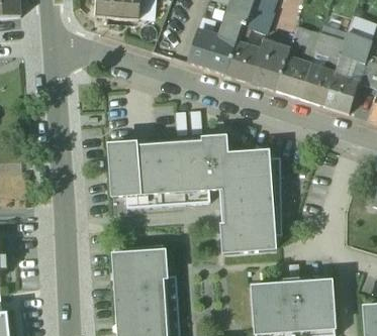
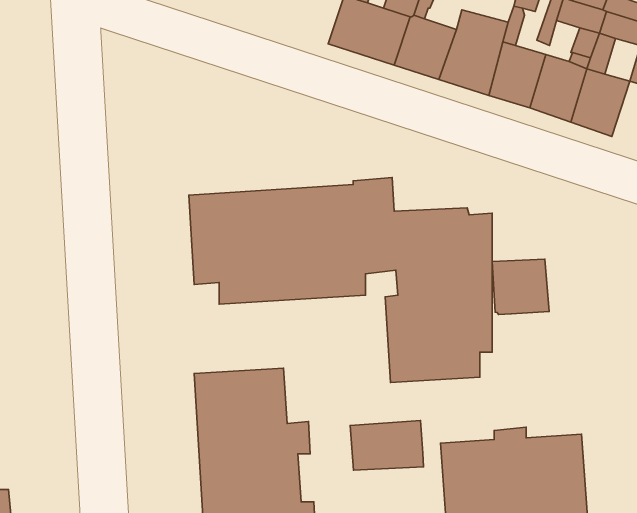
building: none -> [492,259,549,315]
building: none -> [350,420,424,470]

